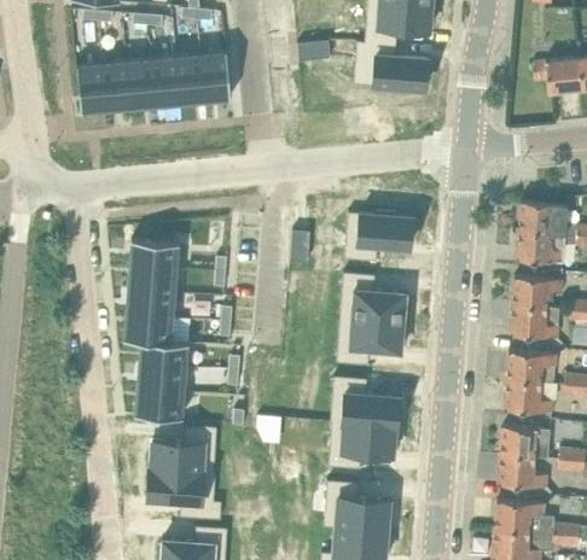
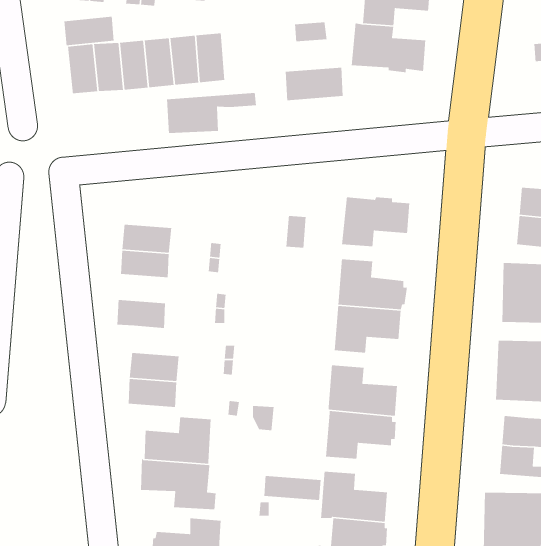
building: none -> [64,16,115,46]
building: none -> [285,67,344,101]
building: none -> [166,92,257,134]
building: [127,288,176,316] -> none
building: [140,339,190,368] -> none
building: none -> [263,475,321,501]

